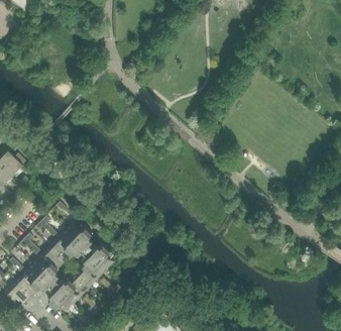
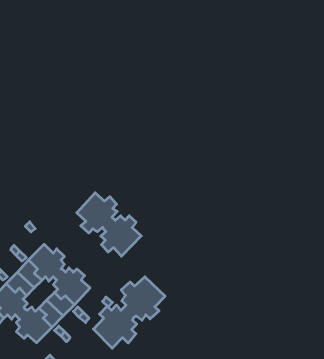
building: none -> [77,193,141,256]
building: none -> [93,277,165,348]

